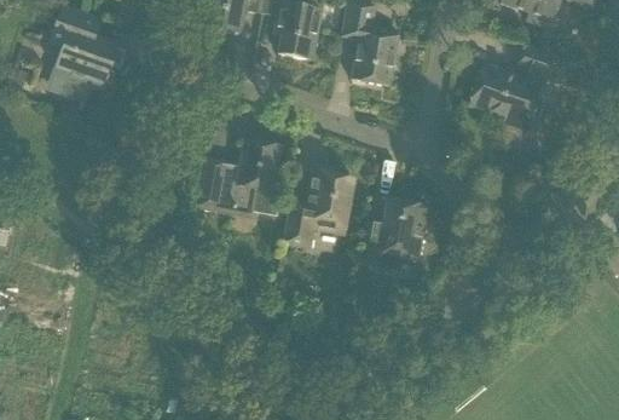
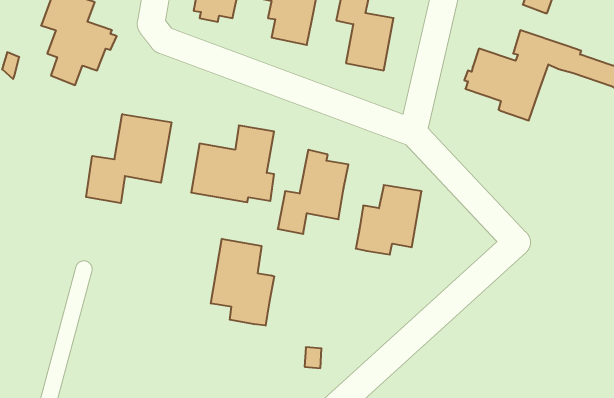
building: none -> [86,114,171,203]
building: none -> [211,239,274,326]

